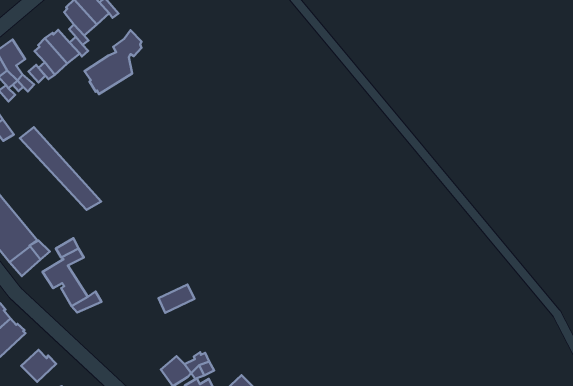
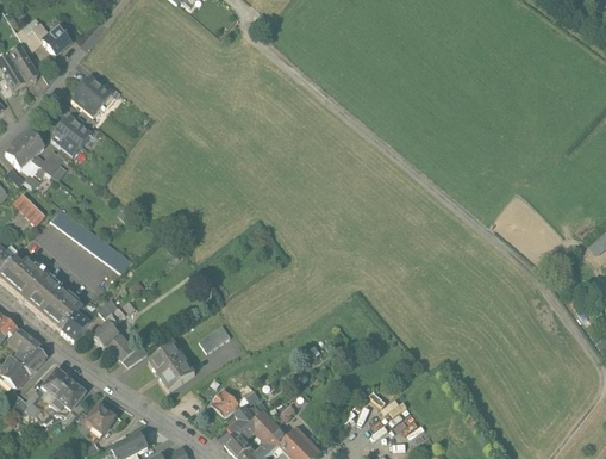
building: [85,30,142,94] -> none
building: none -> [150,342,195,389]

